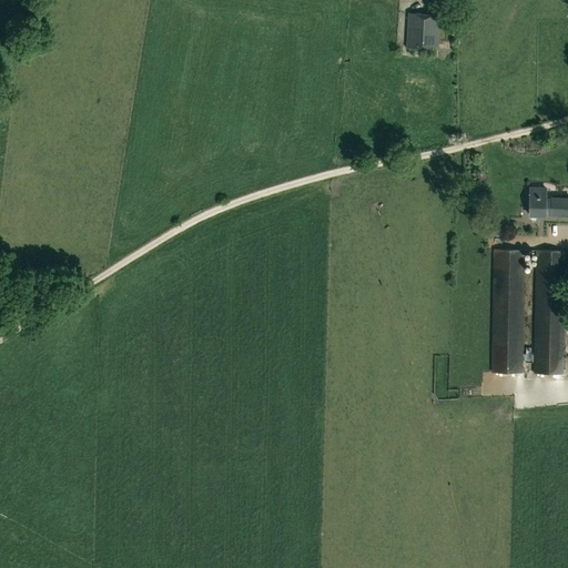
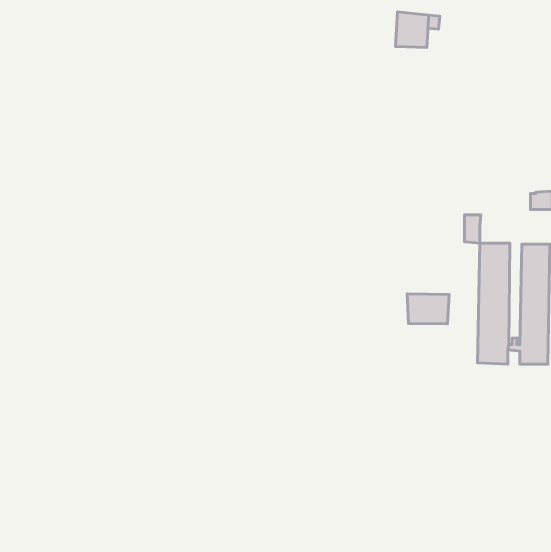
building: [530,187,547,216] -> [465,215,481,243]
building: none -> [407,294,449,324]

